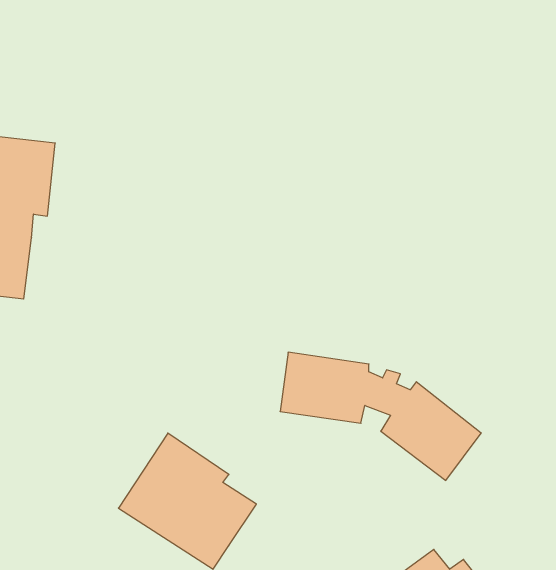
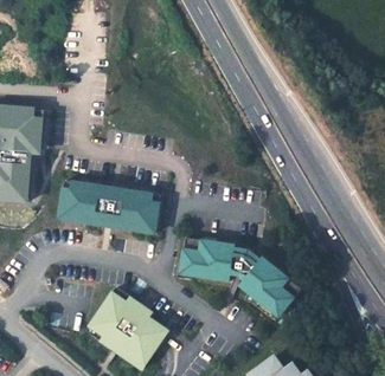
building: none -> [58,183,159,234]

